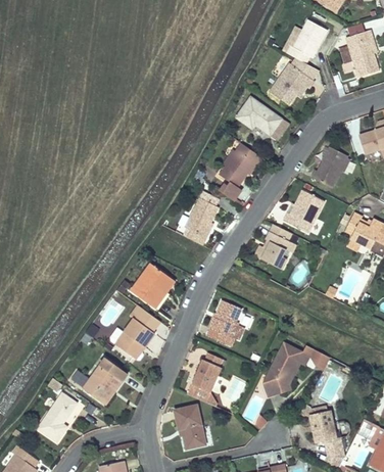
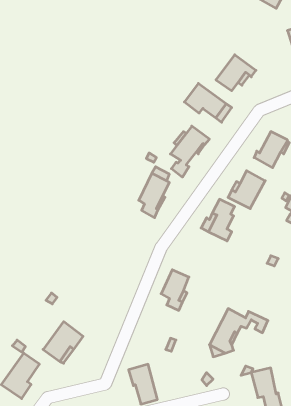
building: [287,20,328,62] -> none
building: [128,265,172,309] -> none
building: [112,306,156,360] -> none
building: [186,352,221,403] -> none

